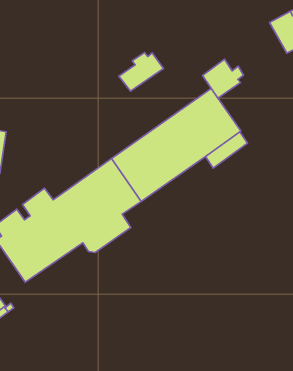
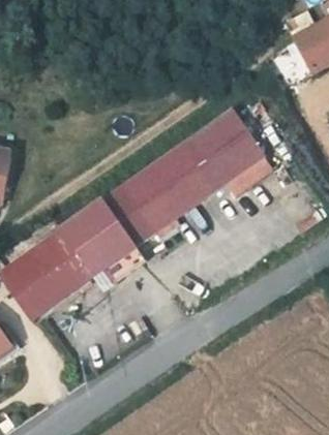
building: [119,52,163,91] -> none
building: [203,59,244,98] -> none

